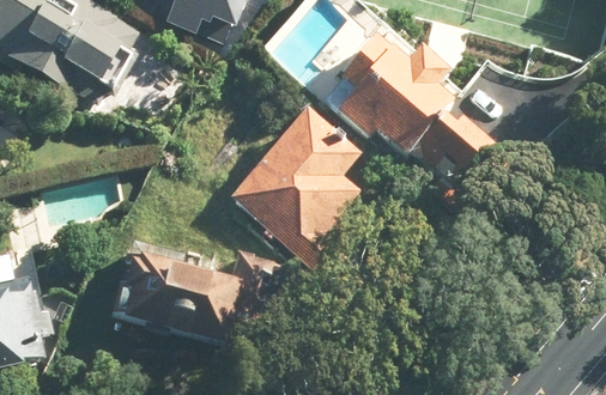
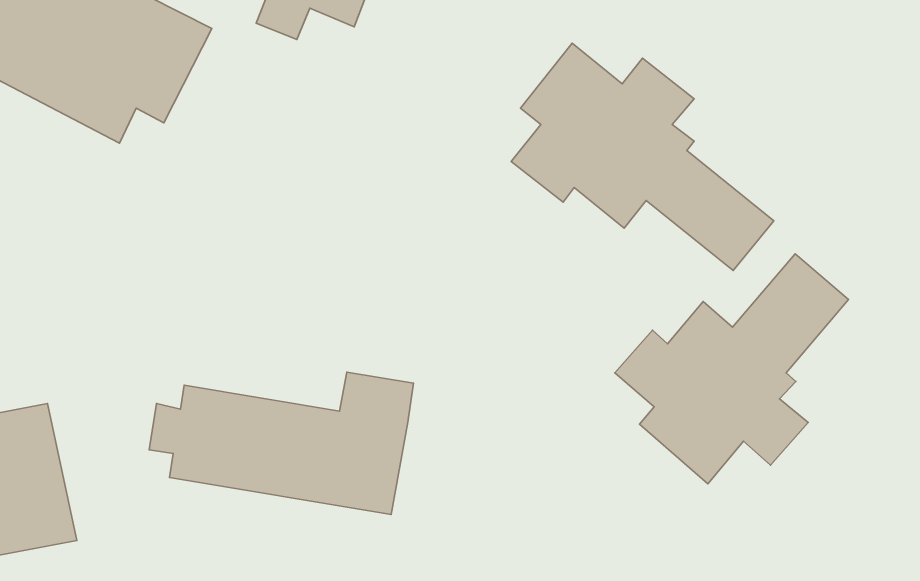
building: [231,107,359,255] -> none
building: none -> [615,254,849,484]

